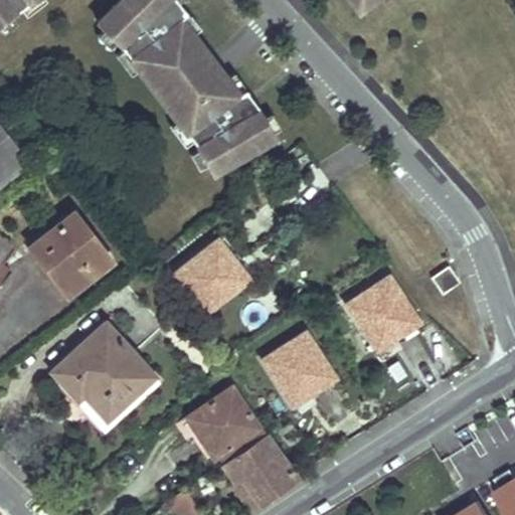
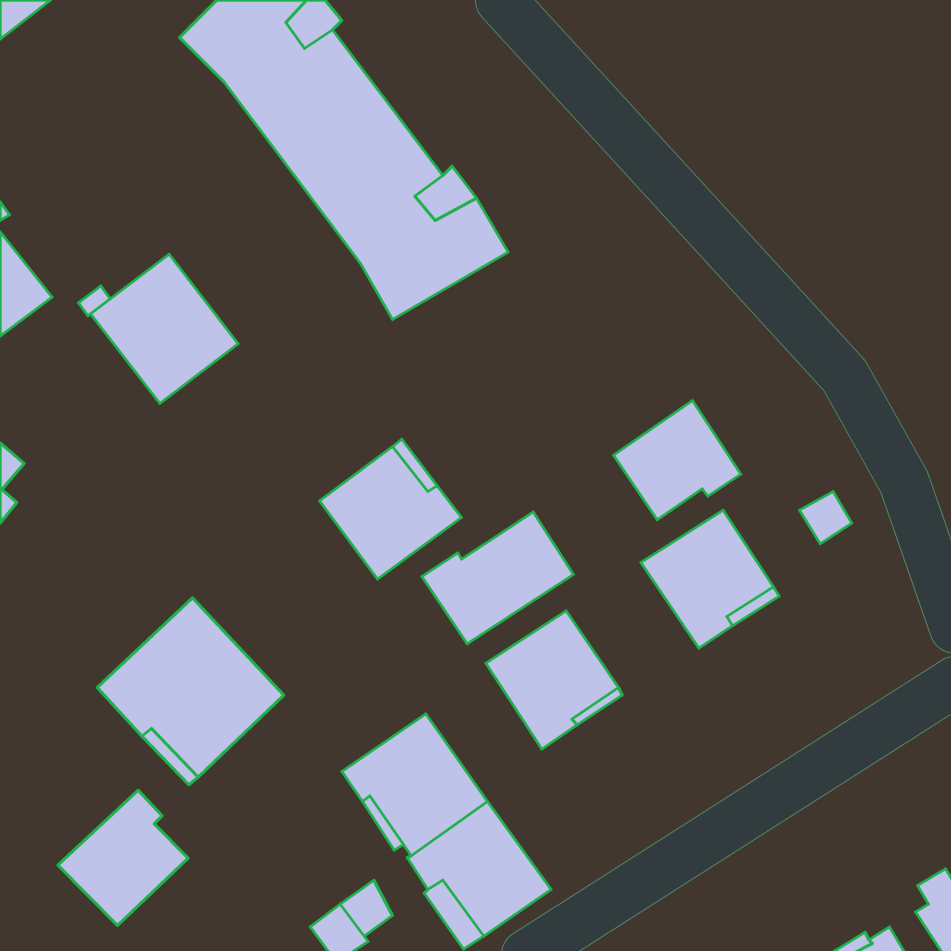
building: [32,213,112,294] -> [91,254,238,404]
building: none -> [613,400,741,520]
building: none -> [422,512,573,644]
building: none -> [58,790,188,925]

